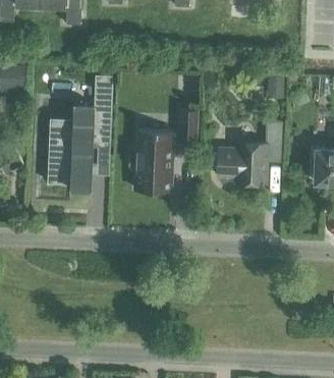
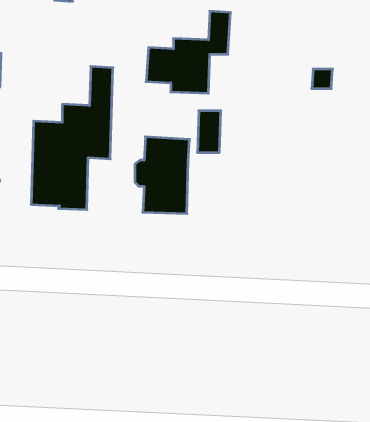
building: [216,120,282,184] -> [146,11,231,93]

